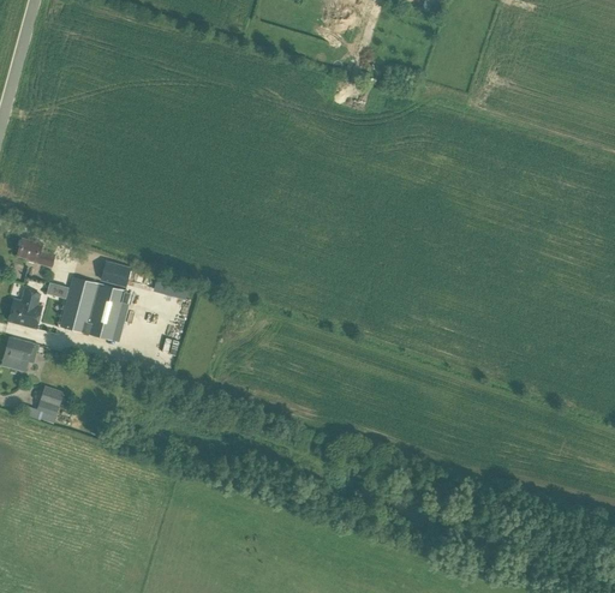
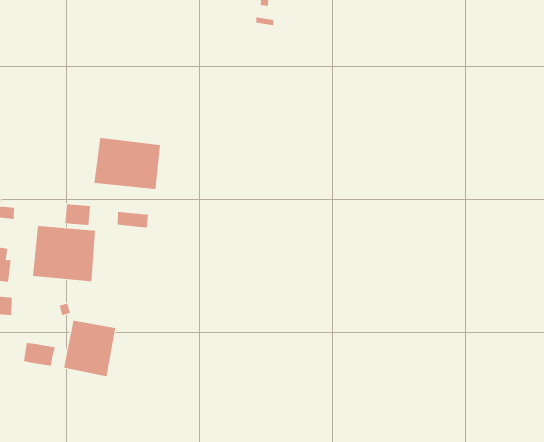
building: none -> [94,137,160,190]
building: none -> [64,320,116,377]

